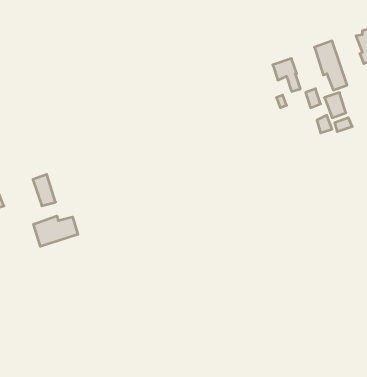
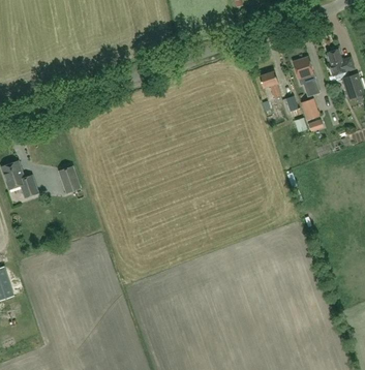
building: [34,216,78,246] -> none

